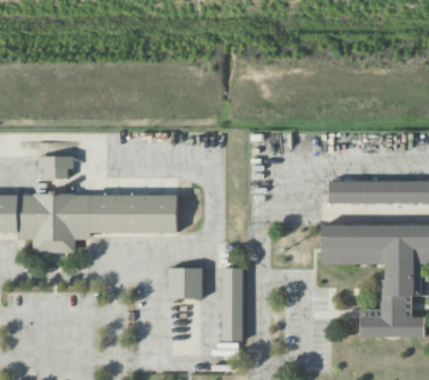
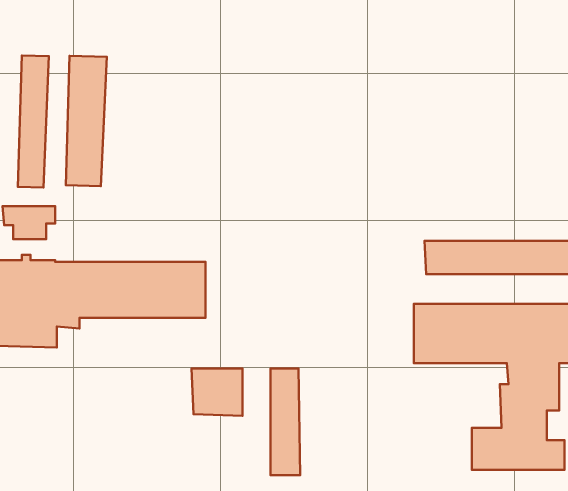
building: none -> [18,55,49,187]
building: none -> [66,56,107,186]

